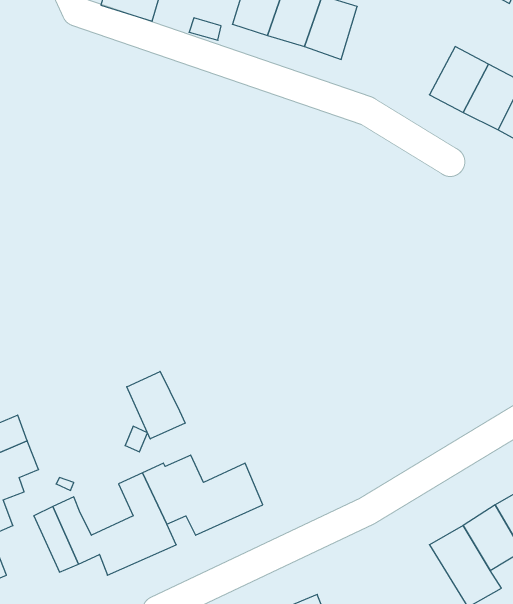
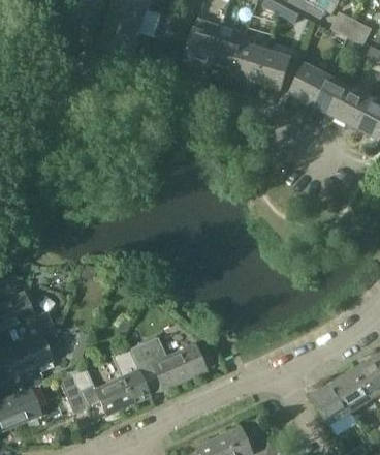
building: none -> [255,48,291,89]
building: none -> [289,62,328,104]
building: [127,371,185,439] -> none

